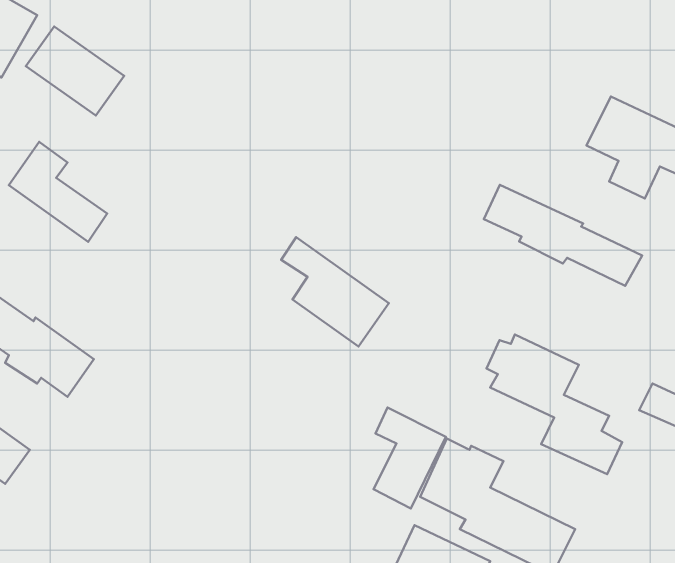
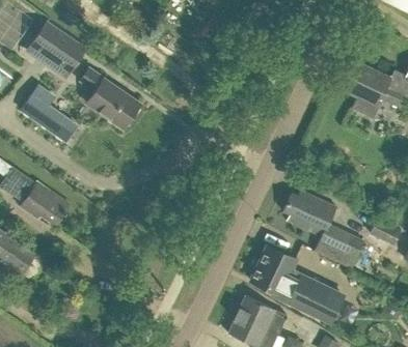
building: [484,185,642,286] -> none
building: [281,237,389,347] -> [81,68,140,128]
building: [373,408,446,508] -> none

